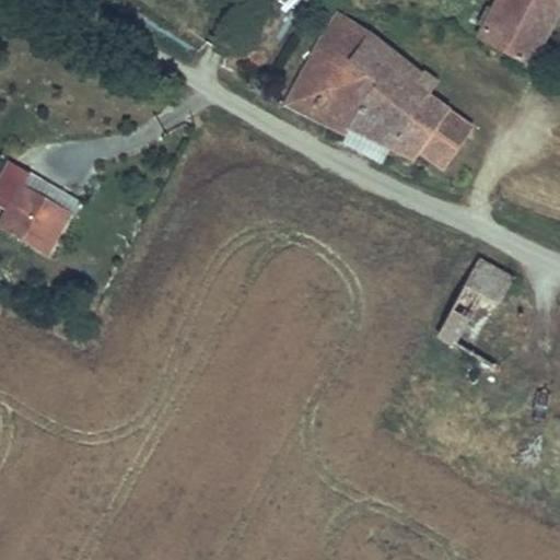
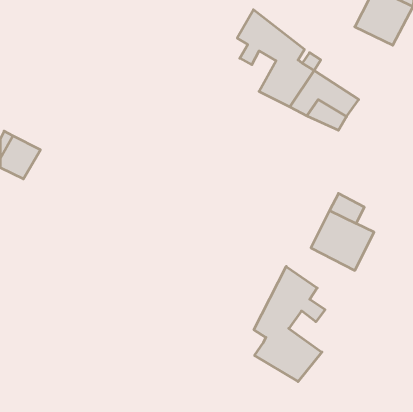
building: [284,47,374,127] -> none
building: none -> [254,266,325,382]

